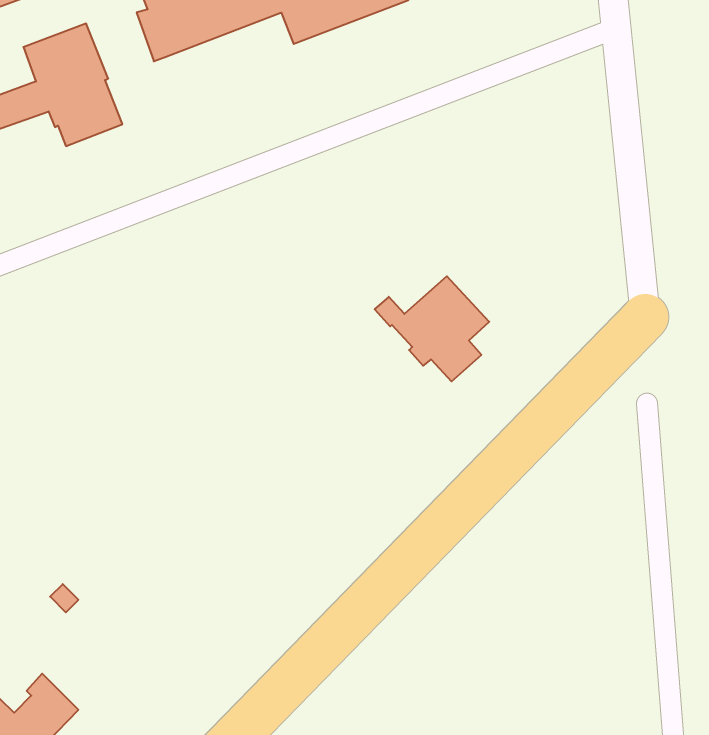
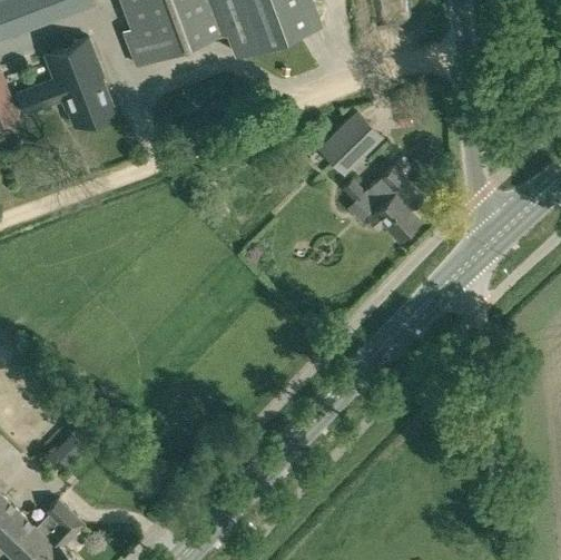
building: none -> [313,114,377,174]
building: [375,276,489,381] -> [343,165,424,239]

